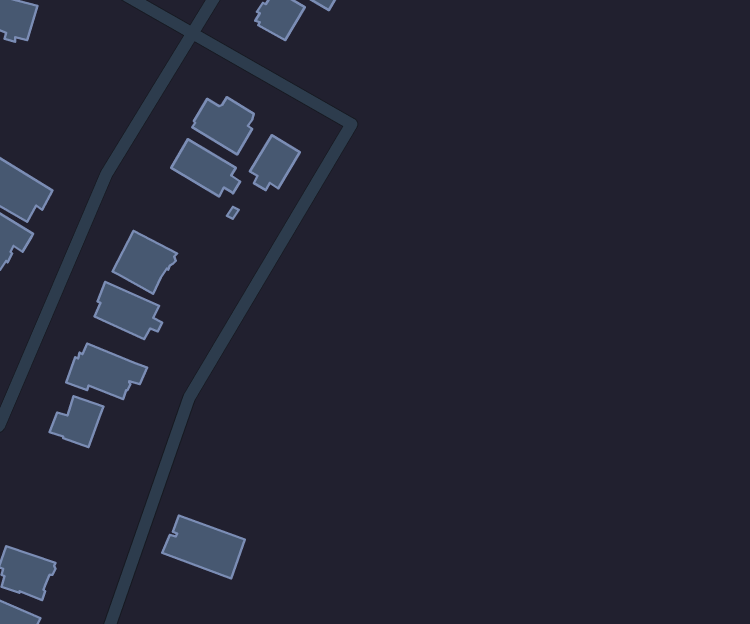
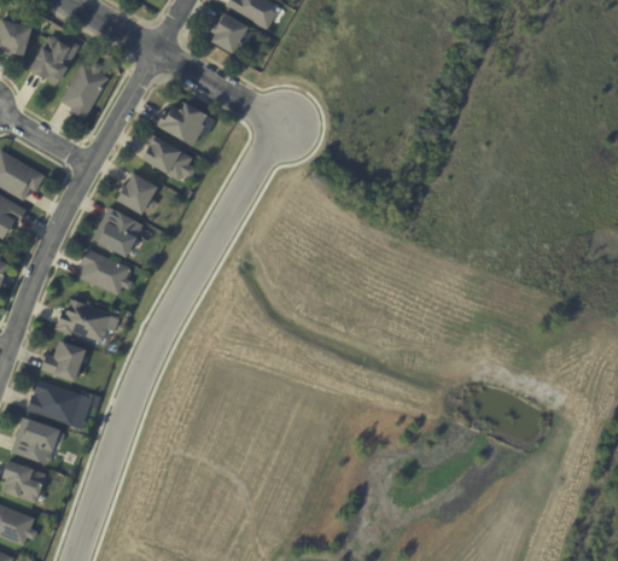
building: none -> [27,36,80,84]
building: none -> [59,60,107,119]
building: [250,135,300,190] -> none
building: none -> [113,171,157,214]
building: none -> [11,417,65,466]
building: [162,515,245,578] -> [29,380,95,431]

